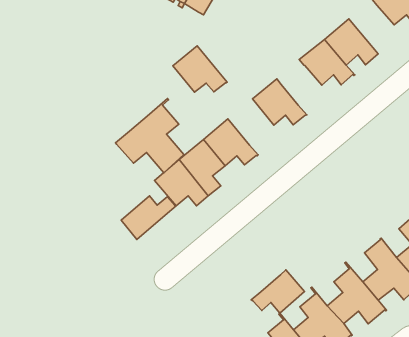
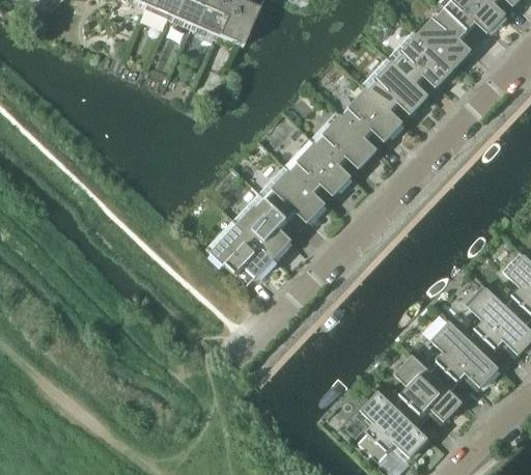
building: none -> [421,11,469,68]
building: [173,46,227,92] -> [286,139,353,194]
building: none -> [344,92,403,140]
building: [115,99,184,173] -> none
building: [121,196,176,239] -> none
building: [251,270,305,313] -> none

